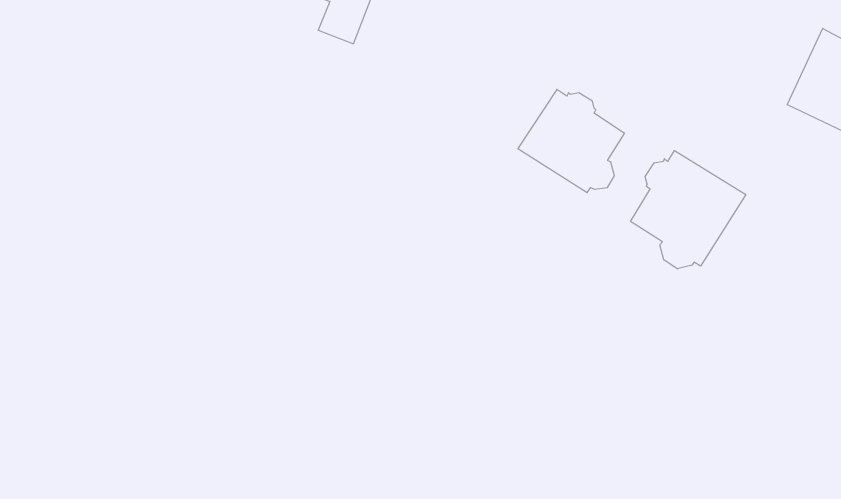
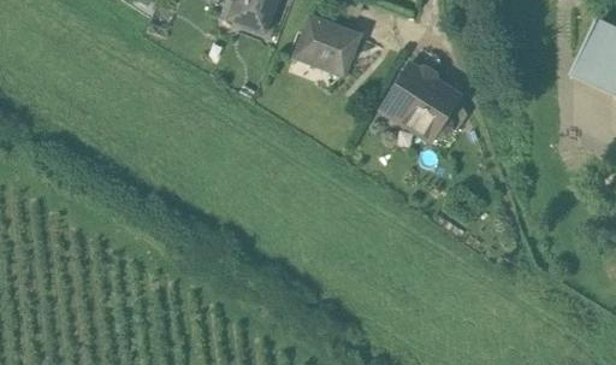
building: none -> [294,16,359,75]
building: [631,151,746,269] -> none

